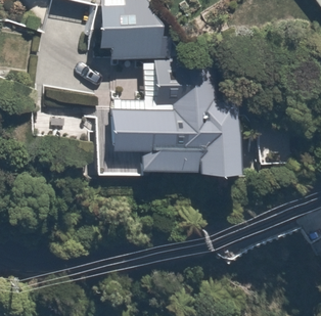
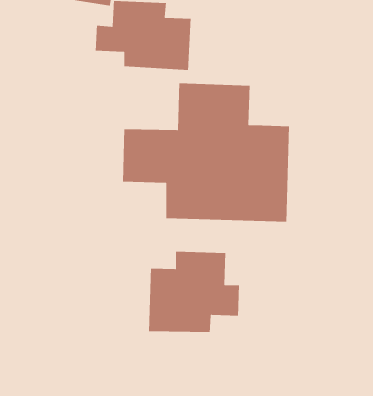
building: none -> [148,251,240,333]

